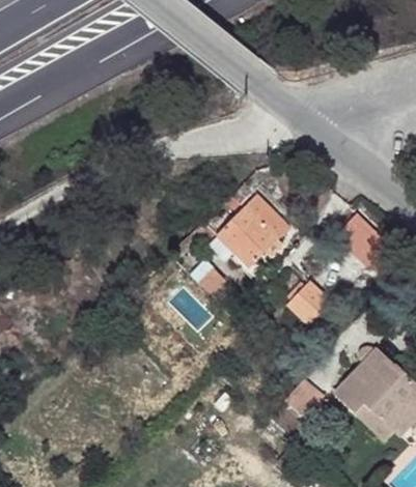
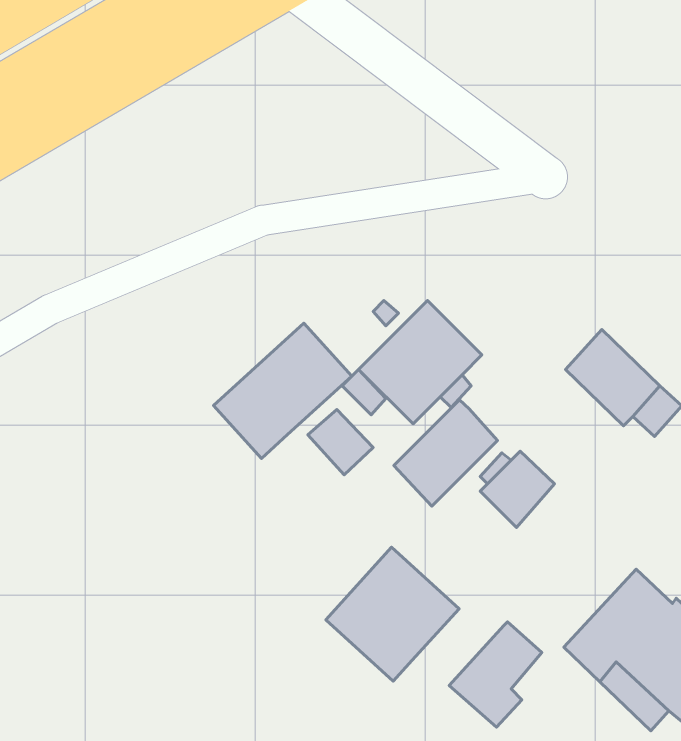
building: none -> [213,323,352,458]
building: none -> [394,400,497,506]
building: none -> [326,547,459,681]

